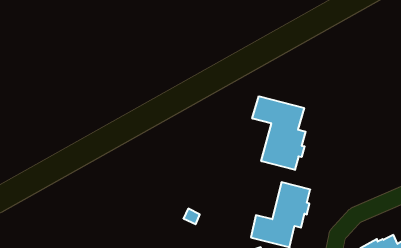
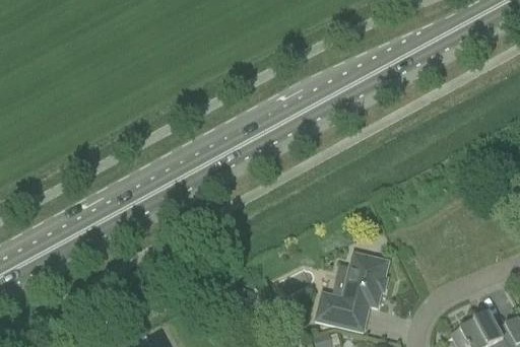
building: [252,96,306,170] -> none

